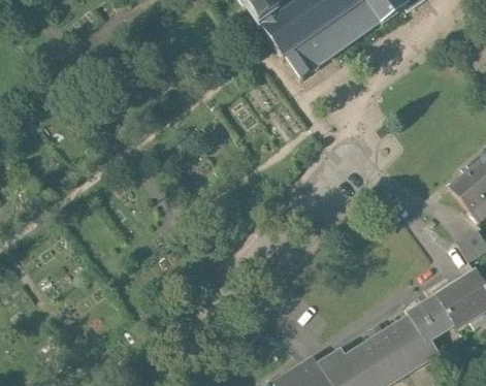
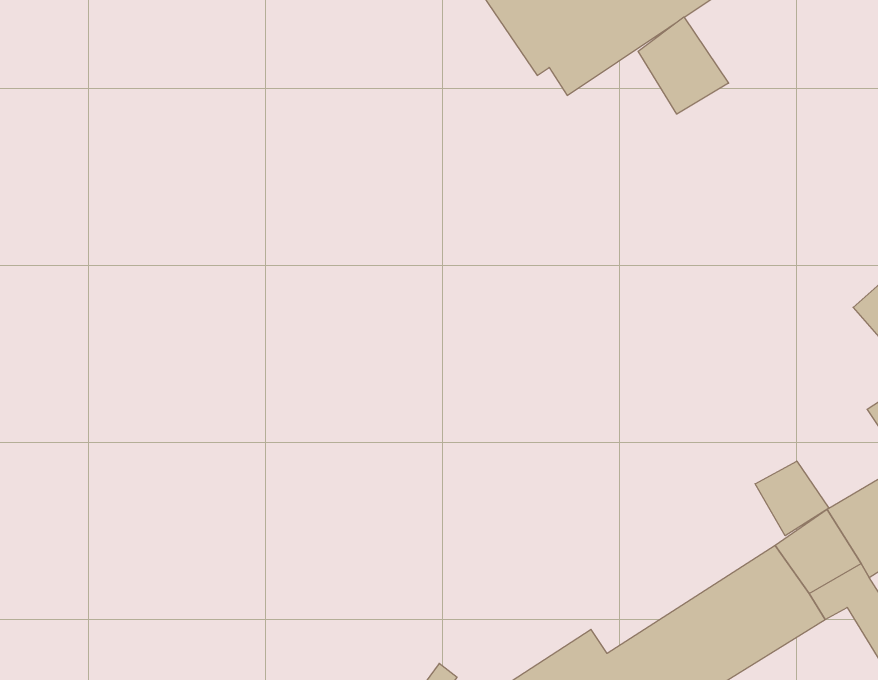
building: none -> [638,17,729,114]
building: none -> [755,461,829,536]

